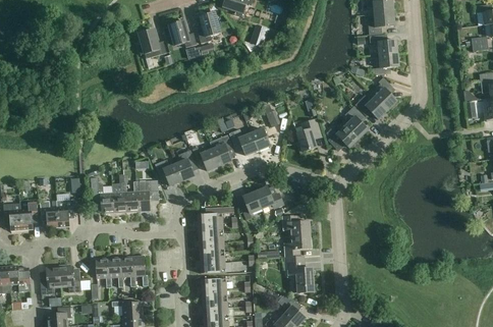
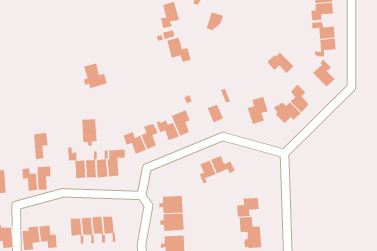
building: [169,20,198,49] -> [167,37,192,62]
building: [139,29,166,58] -> [83,63,107,89]
building: [355,93,387,118] -> [267,52,294,74]
building: [229,128,258,155] -> none
building: none -> [82,118,97,147]
building: [20,199,38,229] -> [33,133,49,159]
building: [194,207,233,233] -> none
building: [282,215,310,235] -> none

